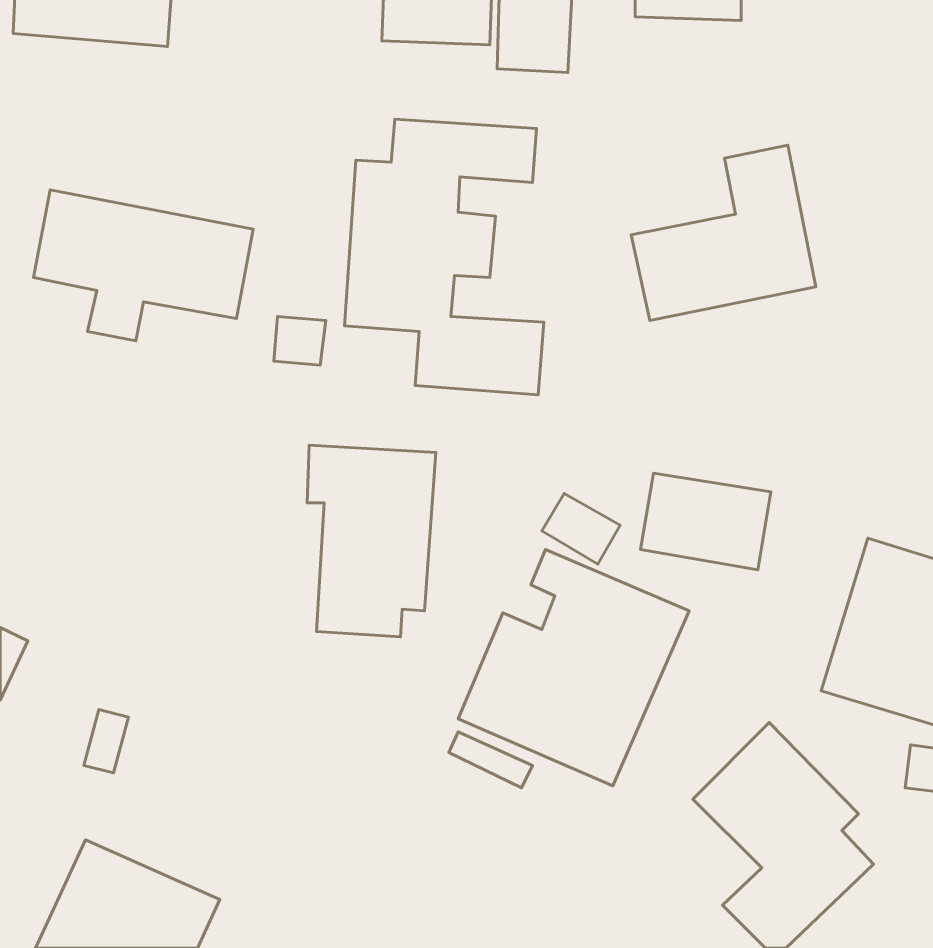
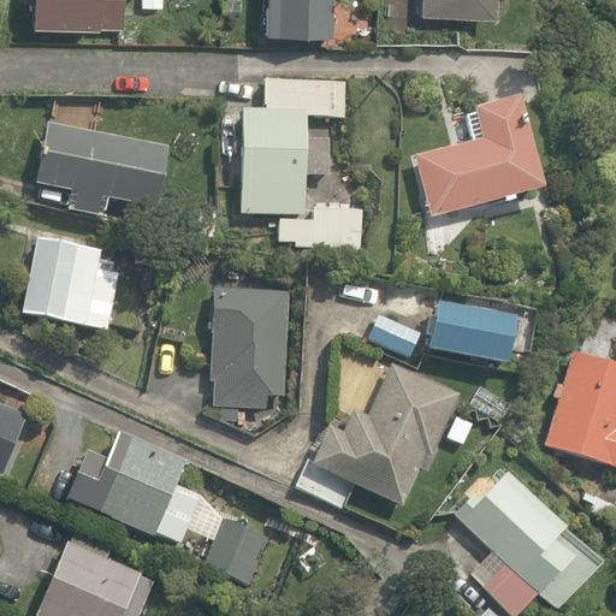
building: none -> [20,235,120,330]
building: none -> [95,433,229,541]
building: none -> [207,517,280,586]

